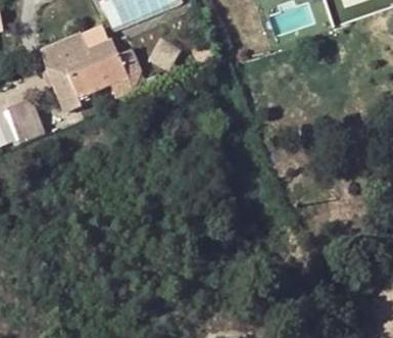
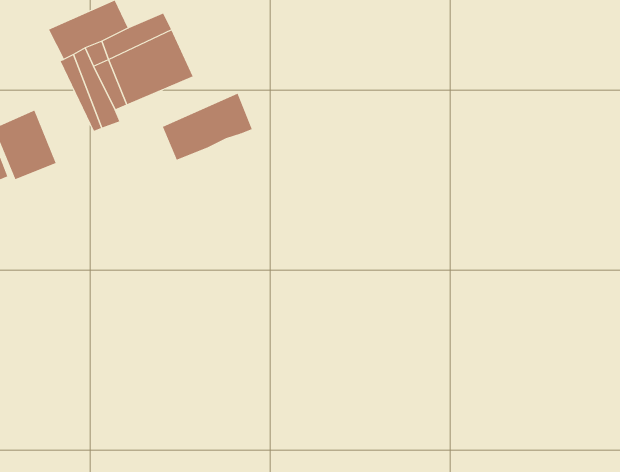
building: none -> [162,93,253,160]

